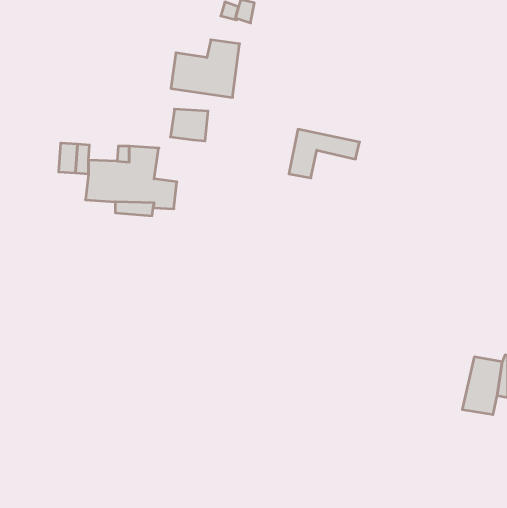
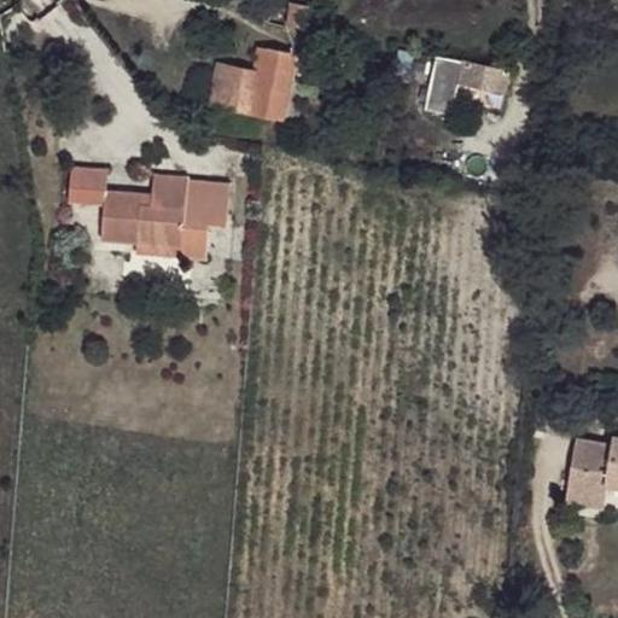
building: [170,109,208,141] -> [188,183,234,222]
building: [289,129,360,178] -> [426,56,512,115]

